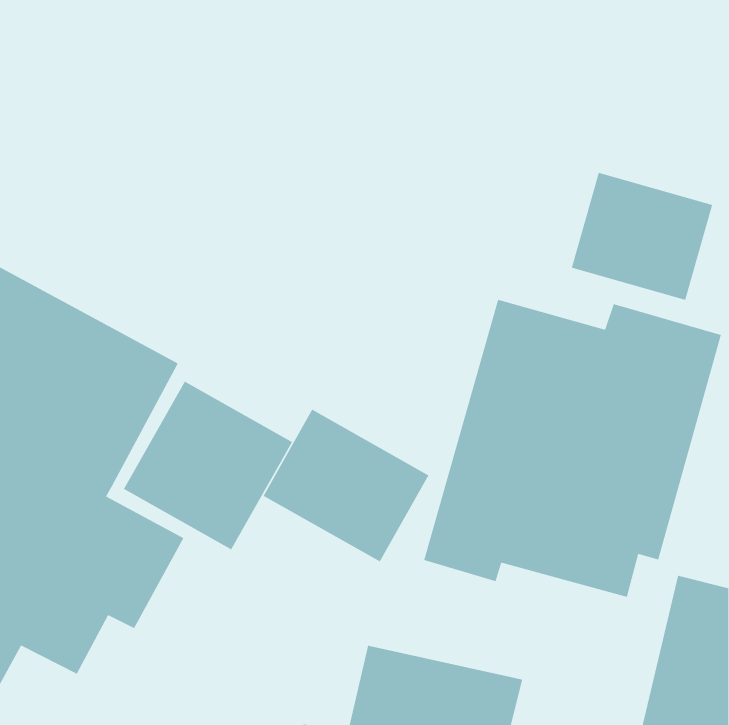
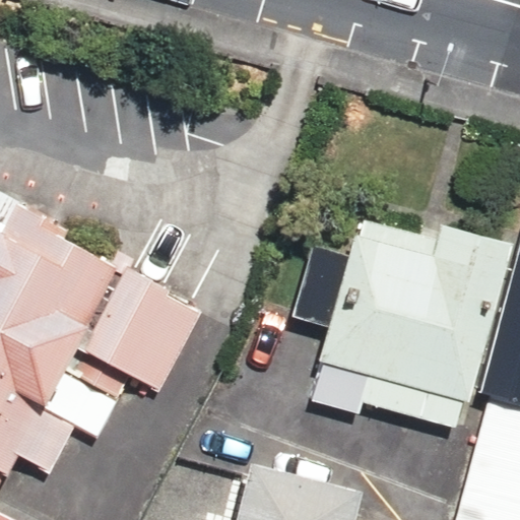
building: [571,172,713,301] -> none
building: [263,409,430,563] -> none

